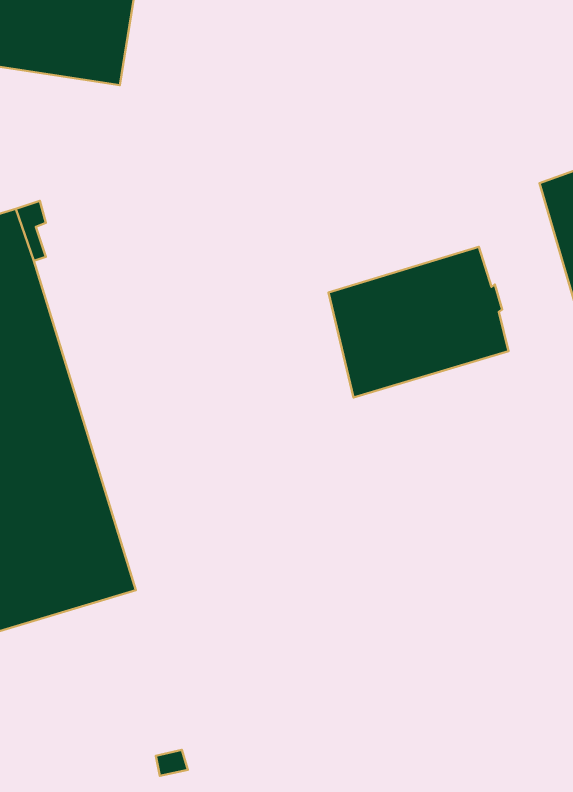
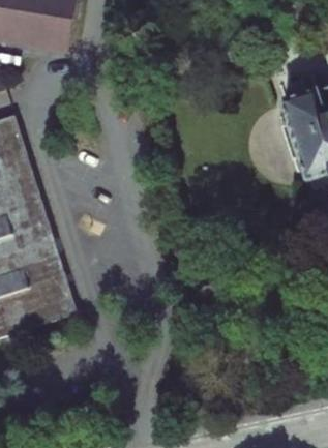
building: [329,247,508,398] -> none

